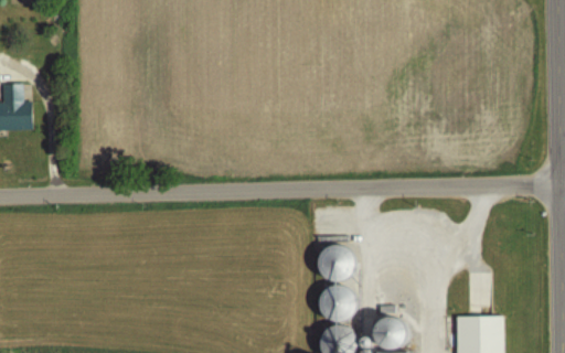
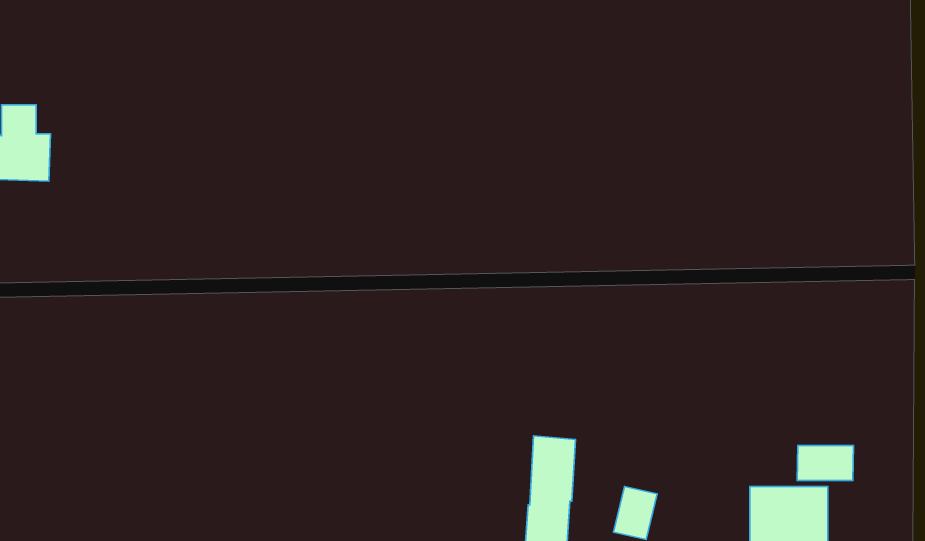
building: [315,242,352,282] -> none
building: none -> [797,446,854,480]

